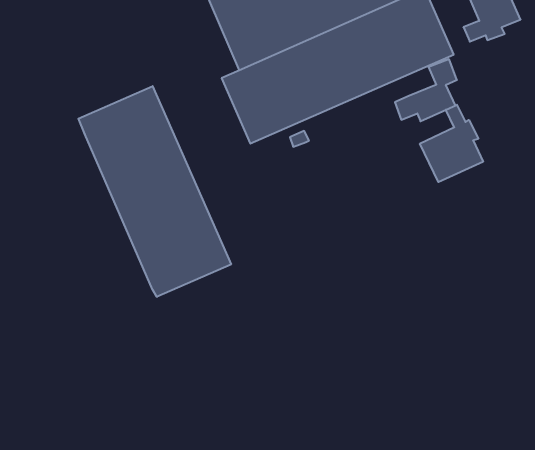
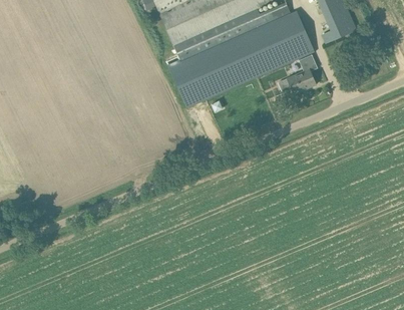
building: [78,86,231,297] -> none
building: [420,105,483,182] -> none

